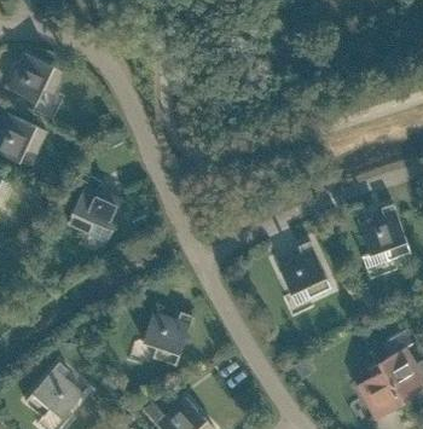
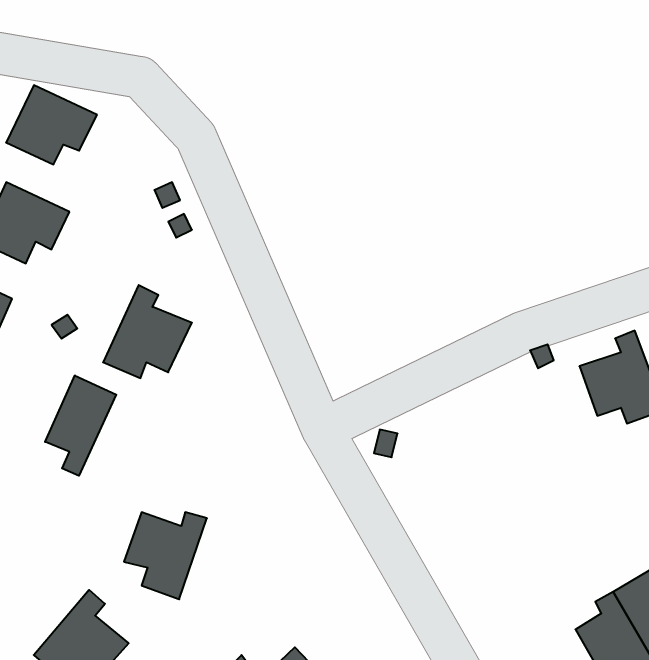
building: none -> [45,375,116,476]
building: [278,240,331,297] -> none
building: [143,312,193,365] -> [124,512,207,599]

